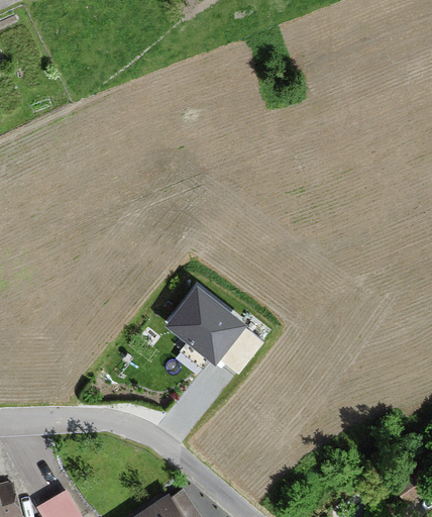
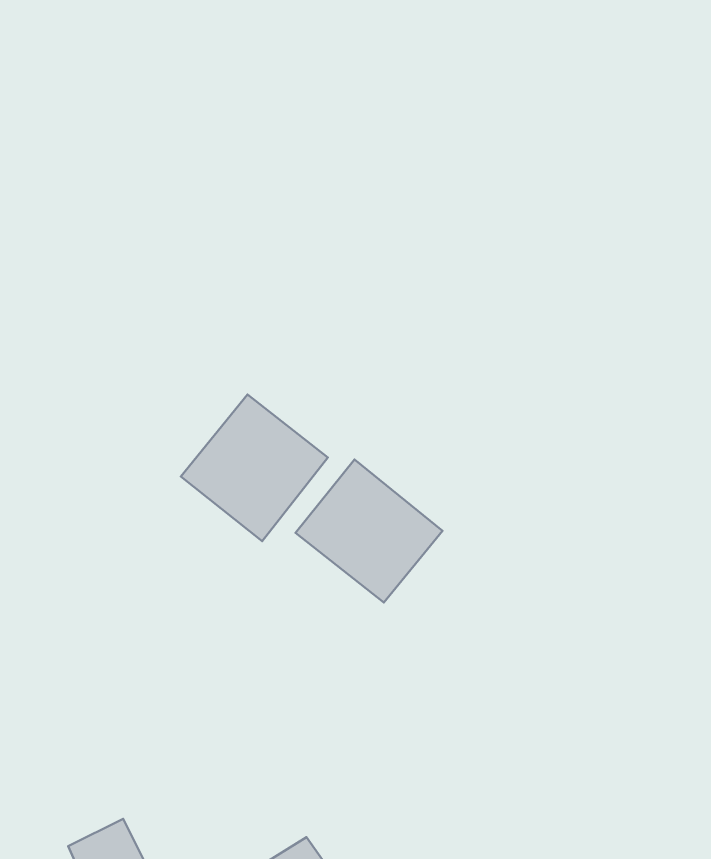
building: none -> [181,394,328,541]

